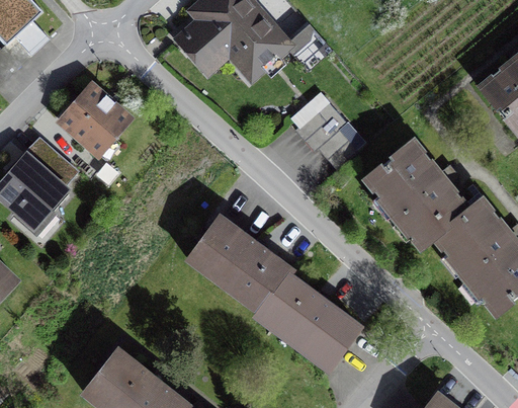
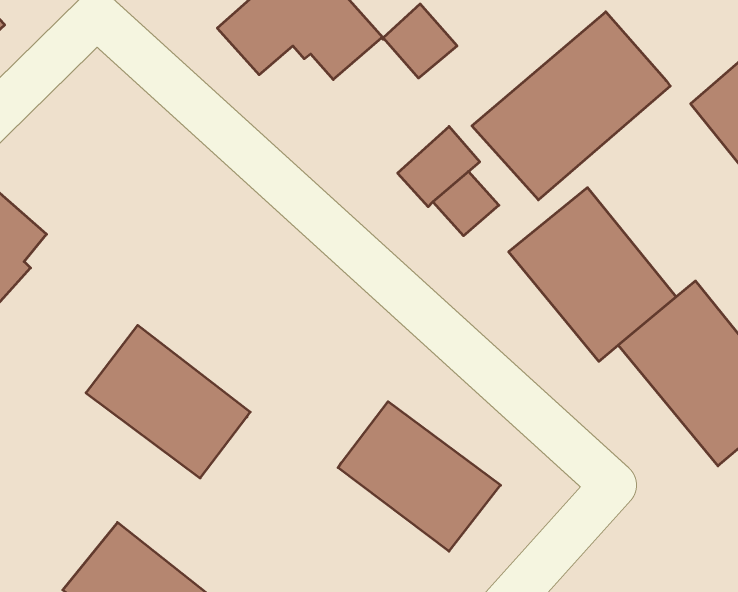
building: none -> [472,12,670,200]
building: [61,87,127,161] -> none
building: [187,217,290,313] -> [86,325,250,478]

